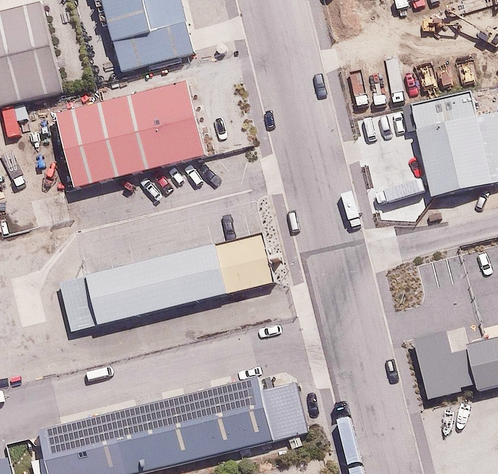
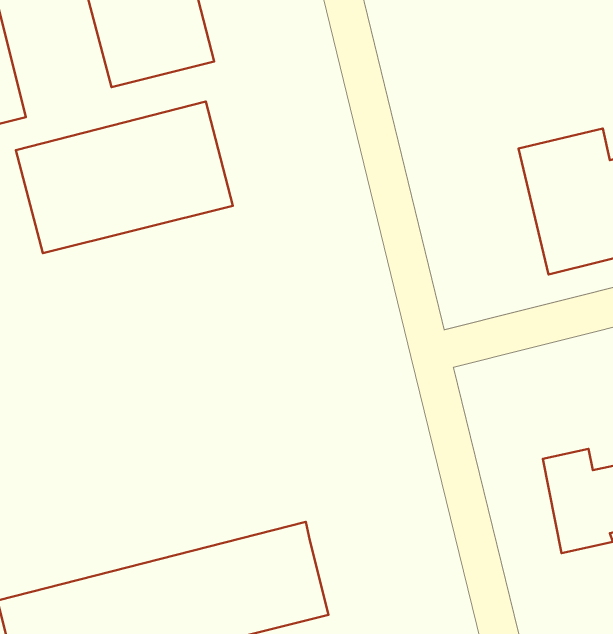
building: [56,232,273,332] -> none
building: [259,378,308,439] -> none

